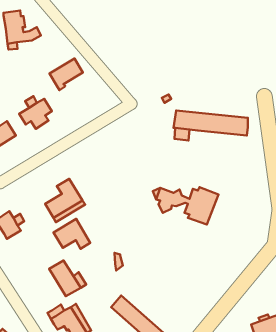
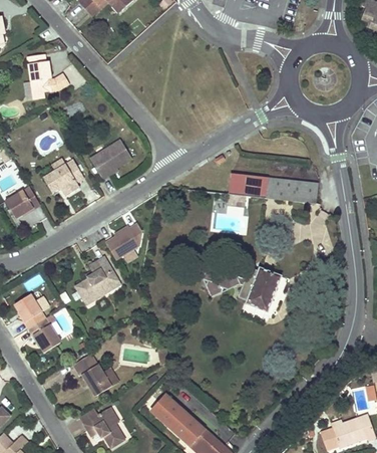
building: [49,58,83,90] -> [89,141,129,179]
building: none -> [103,223,141,260]
building: [53,219,90,249] -> none
building: none -> [27,317,60,353]

